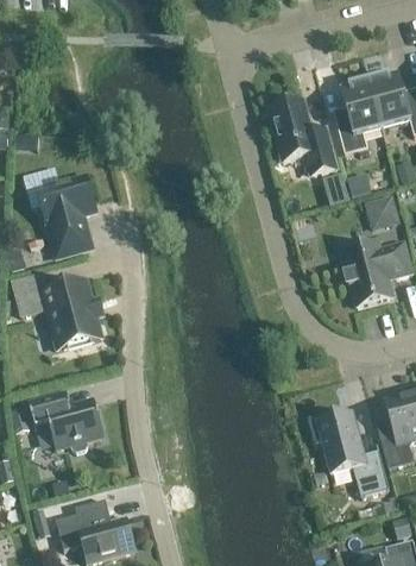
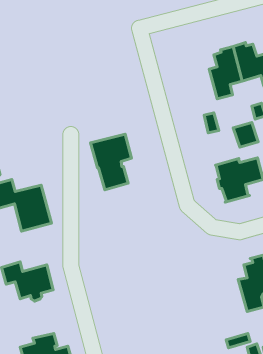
building: [267,99,336,175] -> none
building: [36,175,96,257] -> [90,134,132,190]
building: [309,409,389,496] -> none

